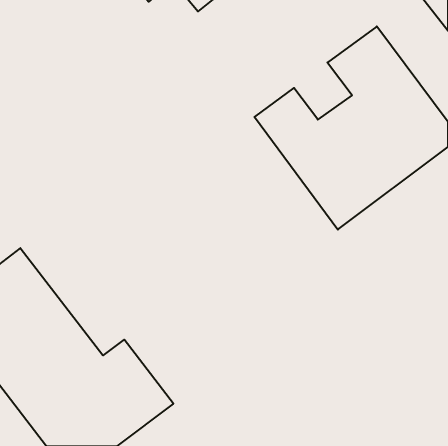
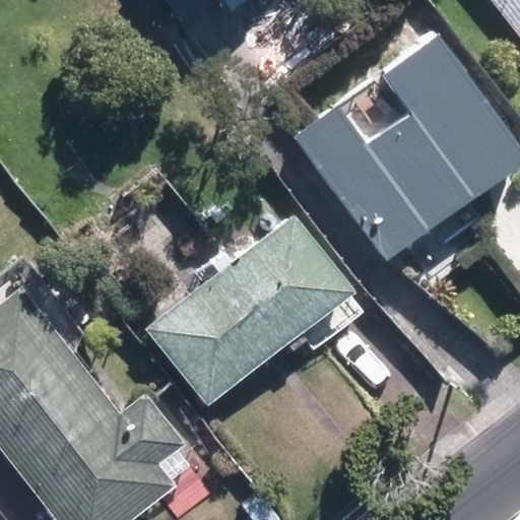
building: none -> [146,216,351,405]

